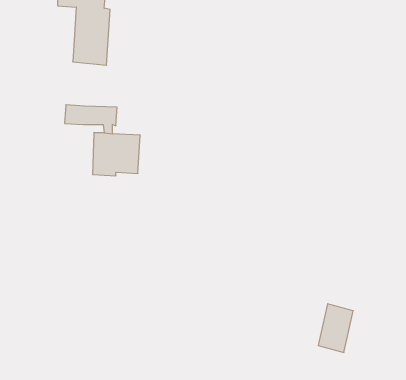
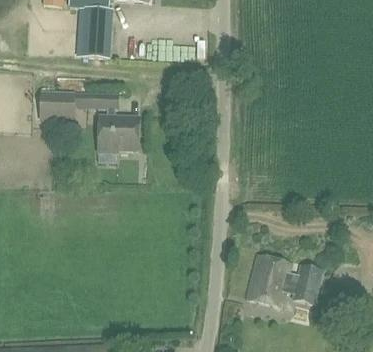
building: none -> [39,90,75,121]
building: none -> [247,254,291,305]

